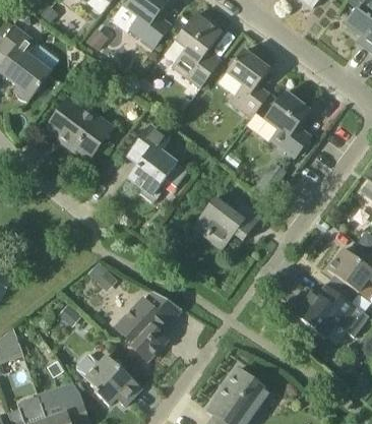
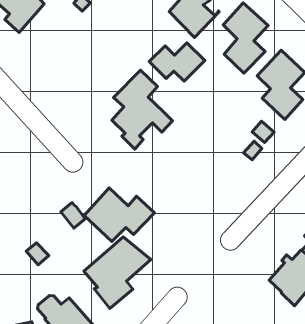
building: none -> [149,43,205,81]
building: [45,99,113,158] -> none
building: [193,196,261,248] -> [84,188,155,242]

